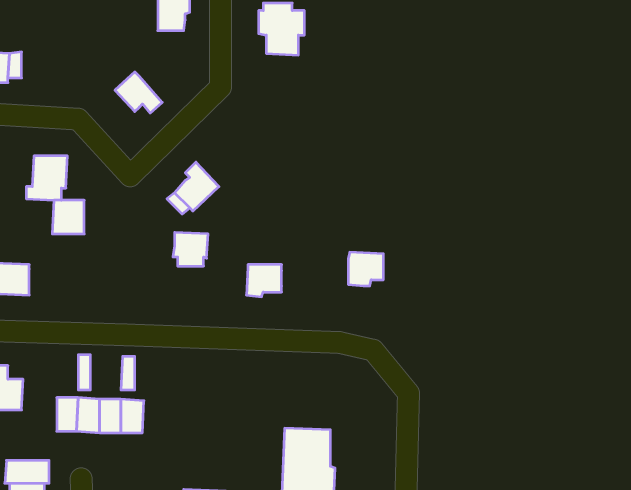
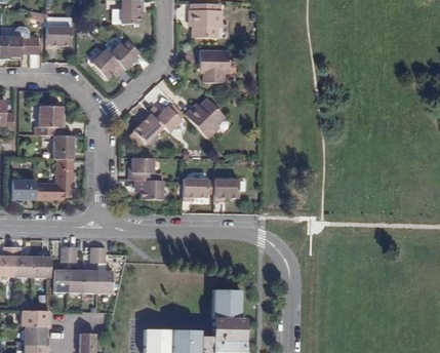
building: none -> [46,28,71,50]
building: none -> [110,40,138,70]
building: none -> [200,50,230,80]
building: none -> [185,97,224,138]
building: none -> [148,105,182,131]
building: none -> [36,158,73,199]
building: [348,252,383,286] -> [212,179,236,201]
building: none -> [134,180,163,198]
building: none -> [31,250,50,276]

